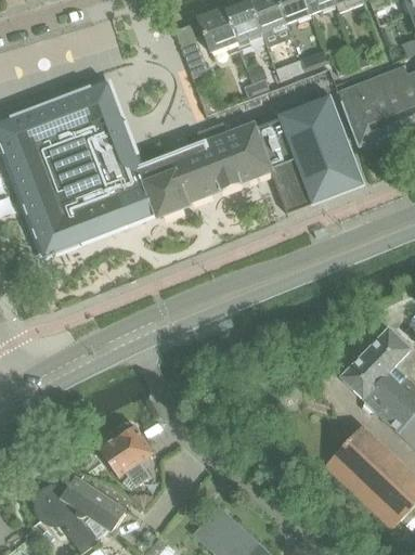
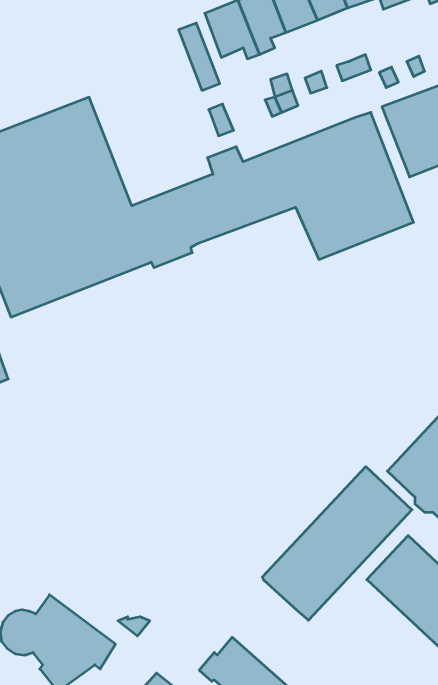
building: none -> [262,467,412,620]
building: [99,423,154,487] -> none

